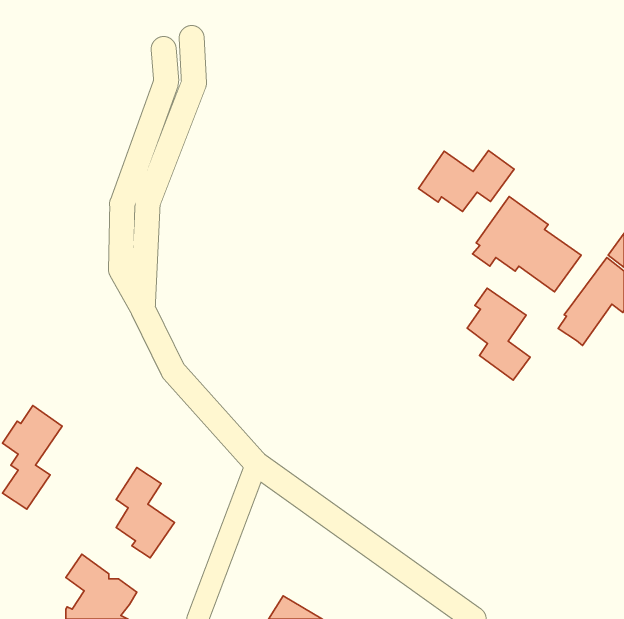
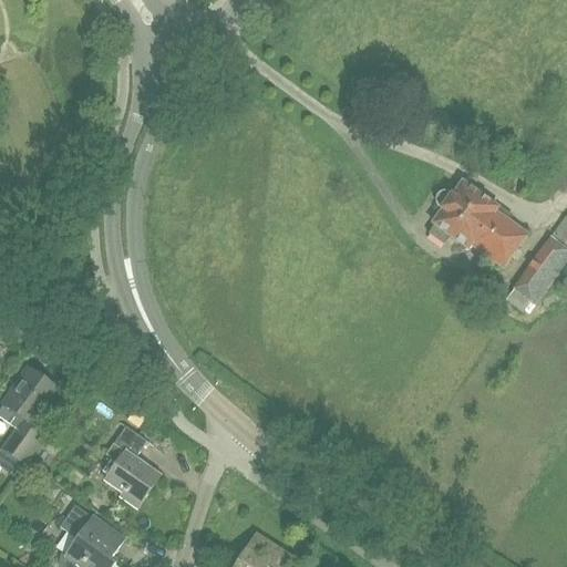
building: [419,151,514,212] -> none
building: [467,288,530,380] -> none

